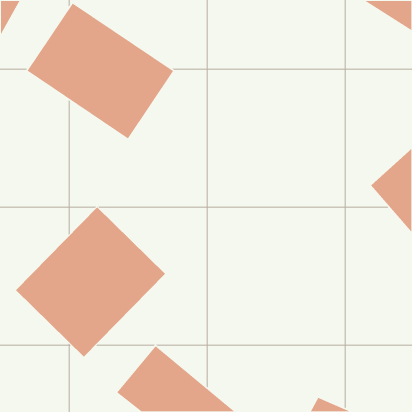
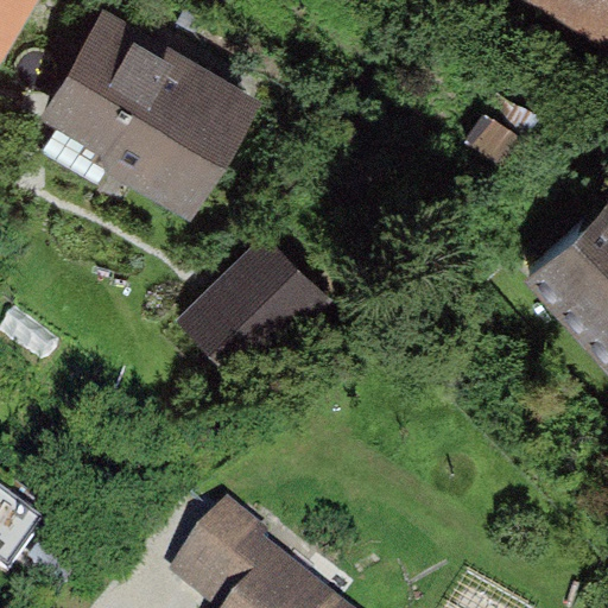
building: none -> [189,247,321,379]
building: [15,206,166,358] -> none

